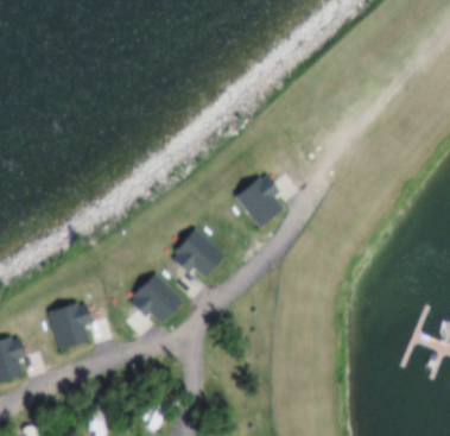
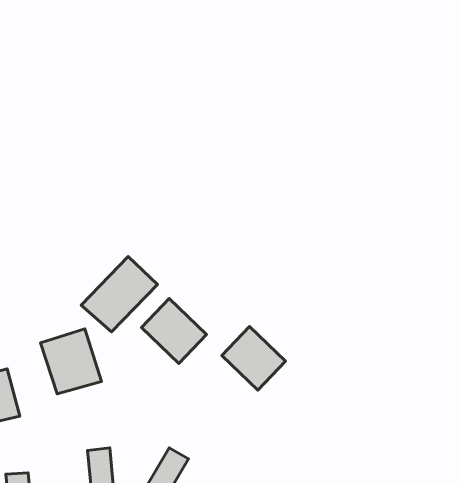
building: [233,175,287,230] -> none
building: [170,226,224,280] -> [222,326,285,390]
building: none -> [81,256,157,332]

